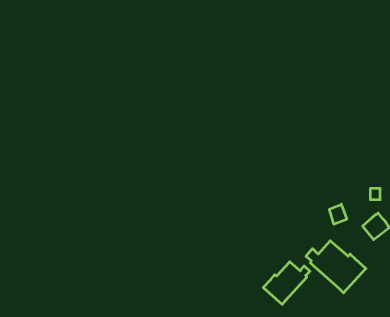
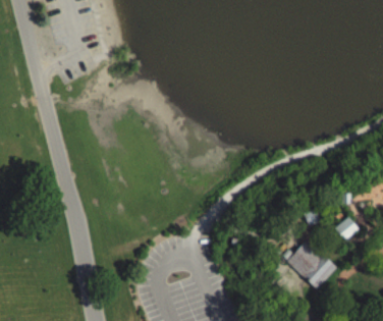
building: [263,262,310,304] -> none

